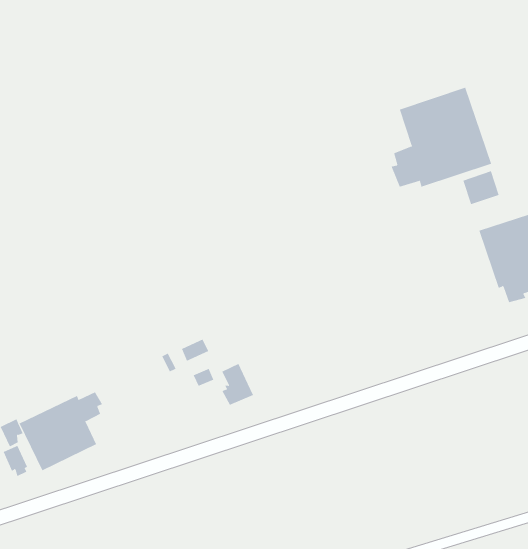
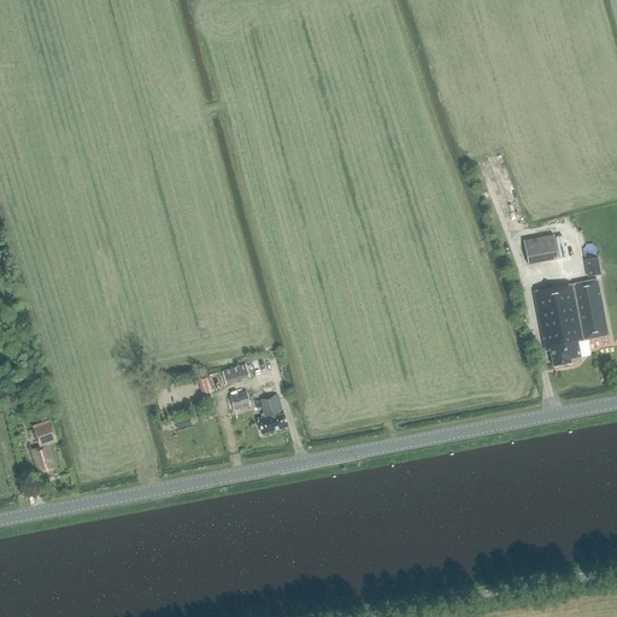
building: [391,87,492,188] -> none
building: [19,391,103,471] -> none

